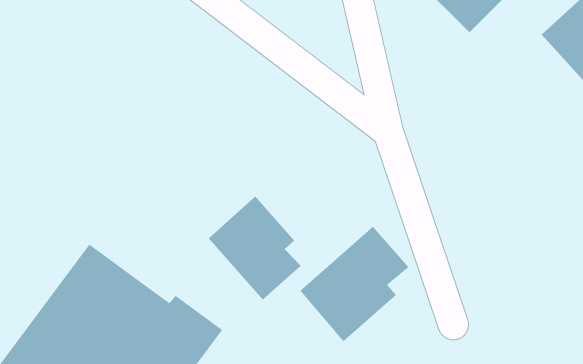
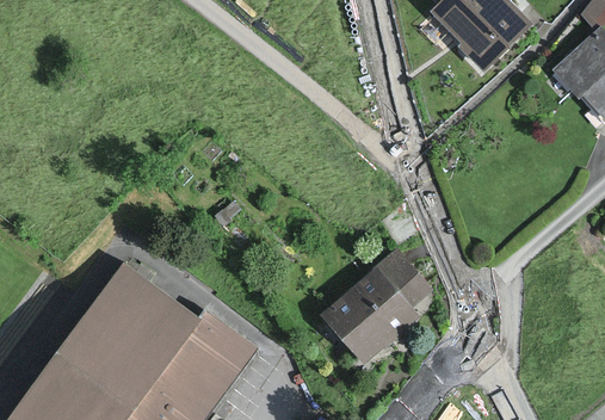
building: [208,195,302,300] -> none

